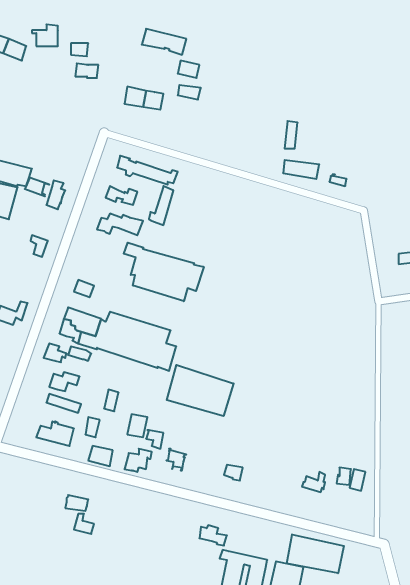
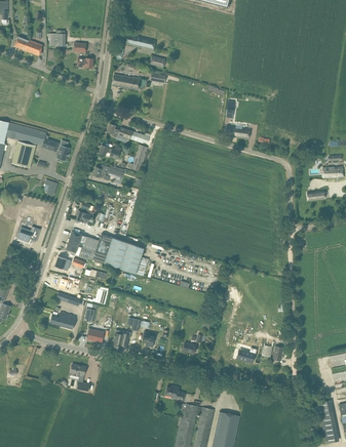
building: [124,243,204,301] -> none
building: [167,365,234,416] -> none
building: [287,534,344,573] -> none

